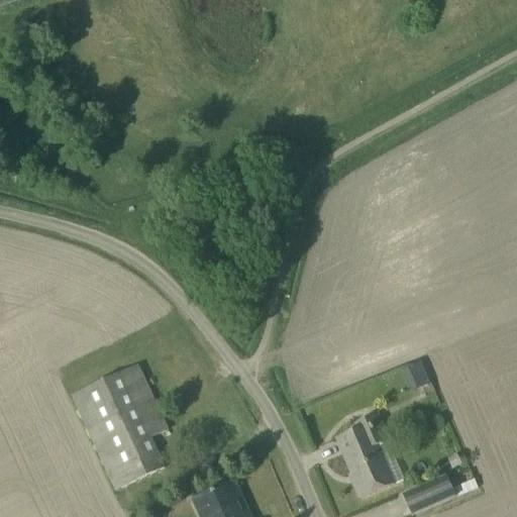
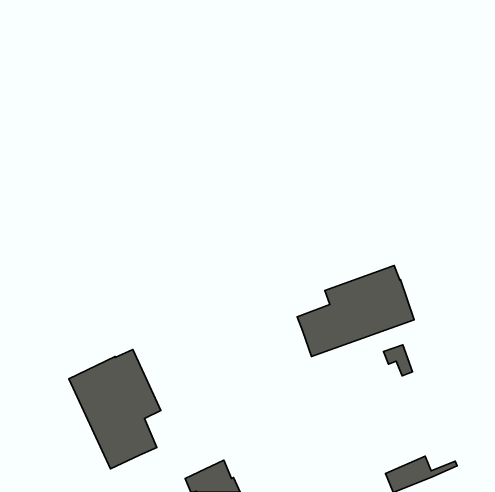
building: none -> [297,266,414,356]
building: [337,413,392,497] -> none

